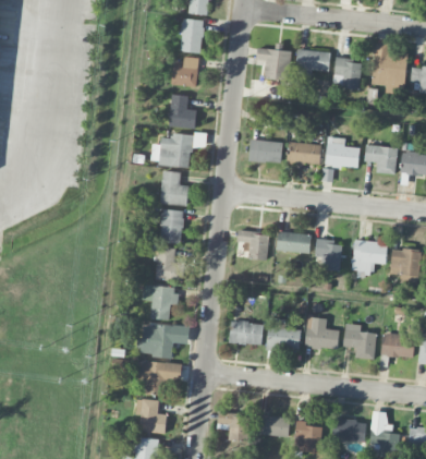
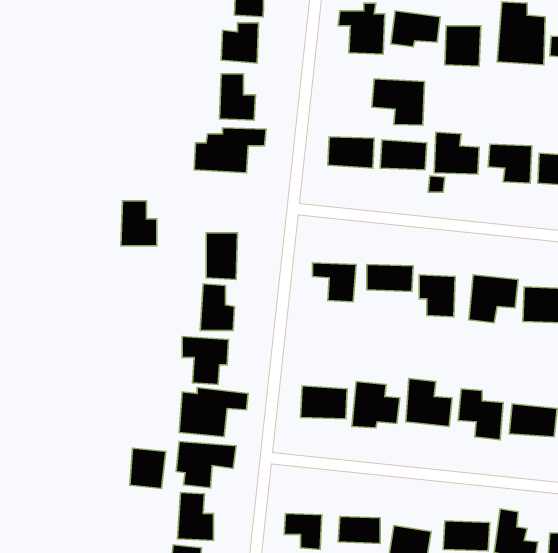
building: none -> [372,79,425,125]
building: [161,172,187,205] -> [121,201,157,246]
building: none -> [130,448,166,488]

